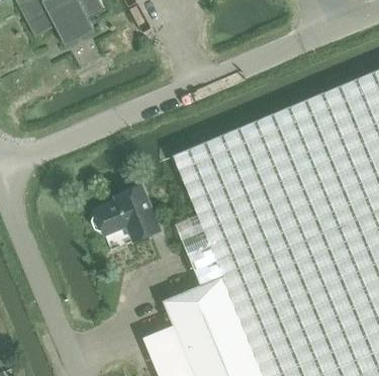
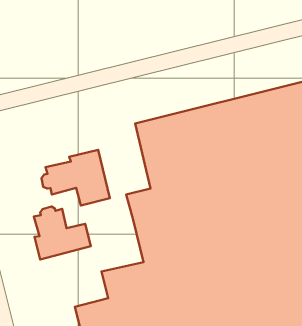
building: none -> [34,207,91,260]

